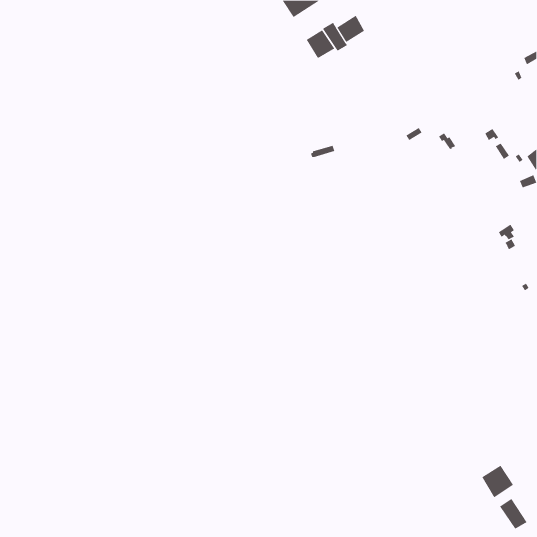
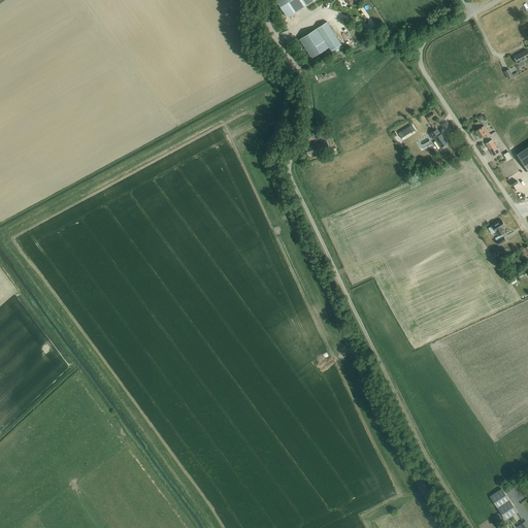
building: [337,15,365,43] -> none
building: [481,465,514,498] -> none

